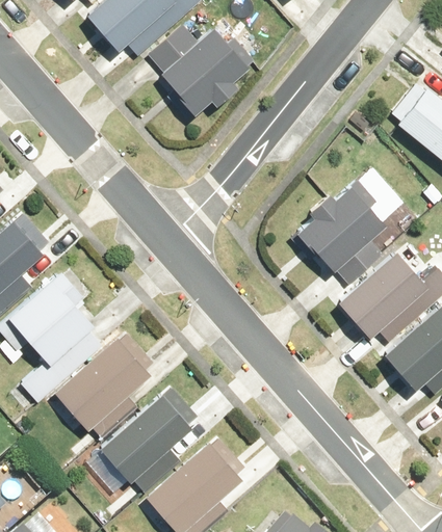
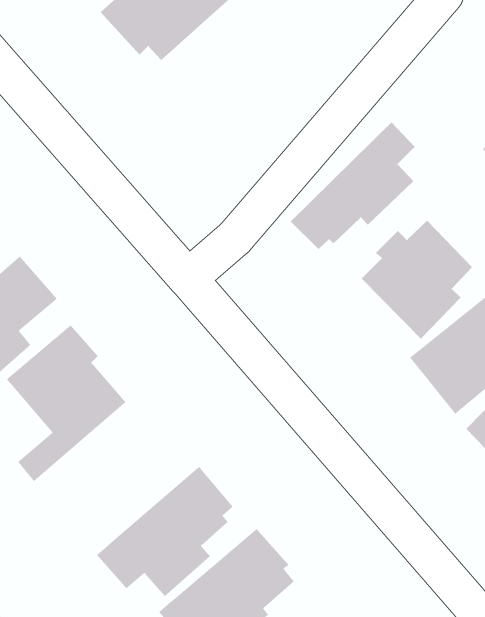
building: [145,24,253,113] -> none
building: none -> [290,121,416,250]
building: [44,332,153,440] -> none

